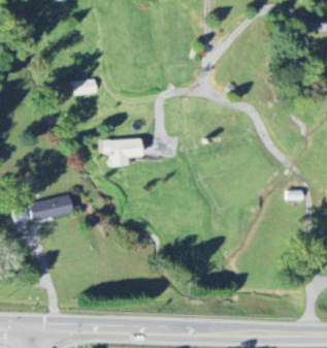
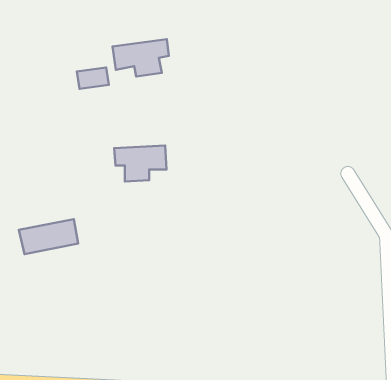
building: none -> [113,39,169,76]

